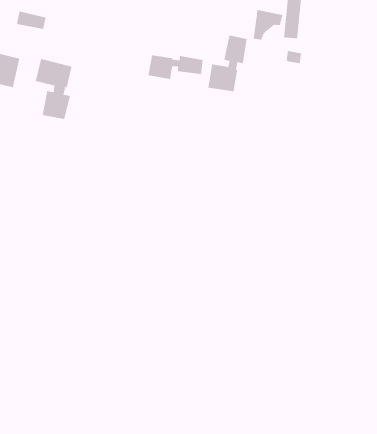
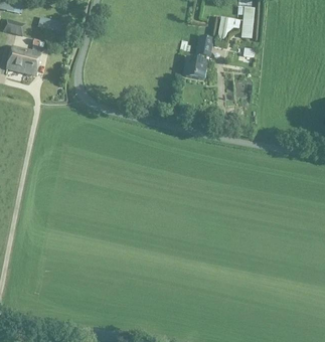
building: [148,54,203,80] -> none
building: [35,58,72,120] -> none

